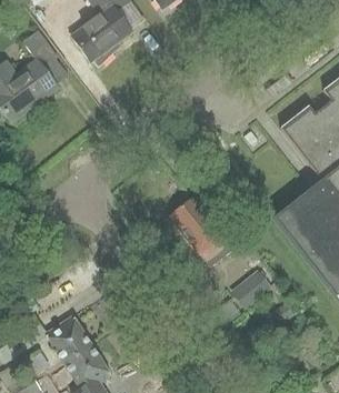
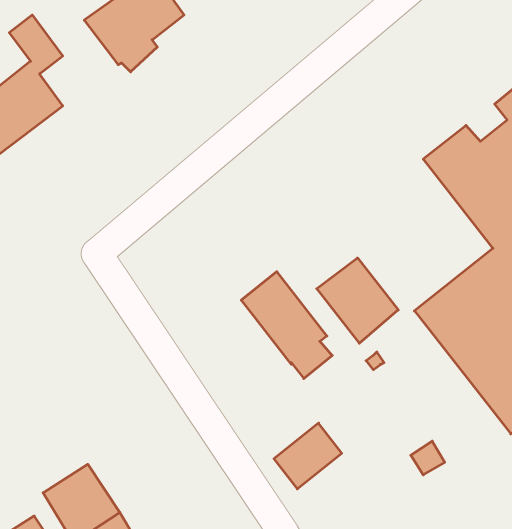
building: none -> [317,258,398,343]
building: [230,266,272,308] -> [274,423,342,489]

